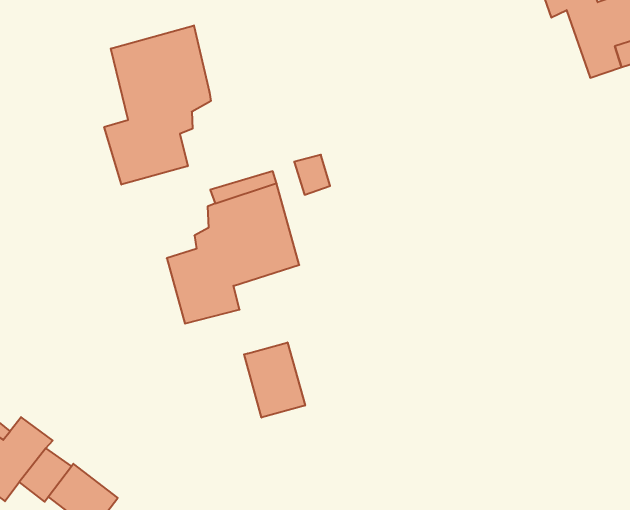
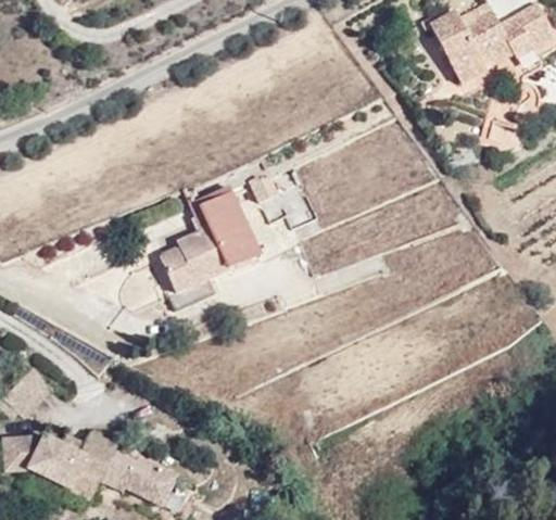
building: [104,25,211,185] -> none
building: [244,342,305,418] -> none

